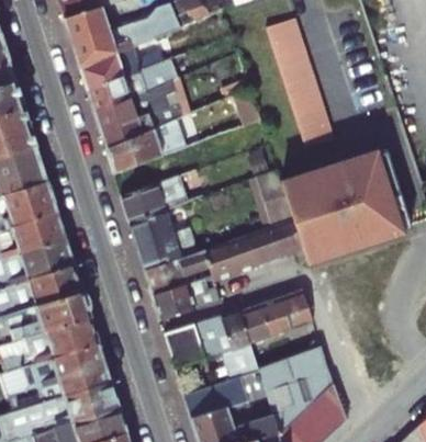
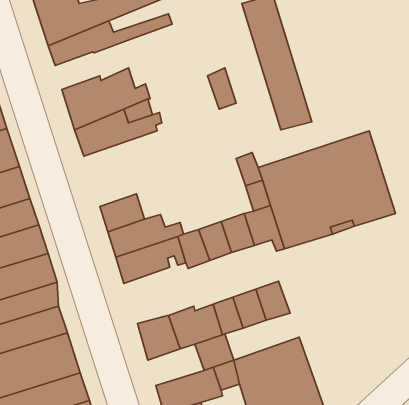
building: [86,60,166,109] -> none
building: [120,173,188,220] -> none
building: [152,277,220,319] -> none

